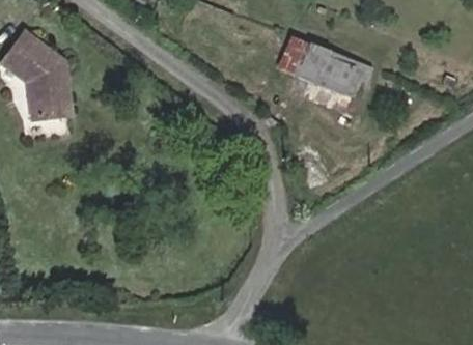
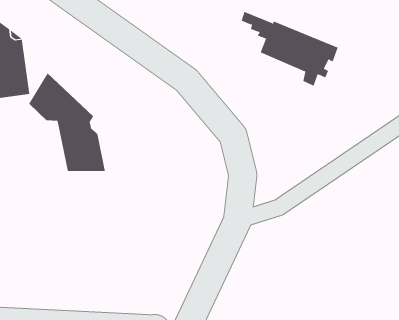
building: none -> [29,73,106,172]

